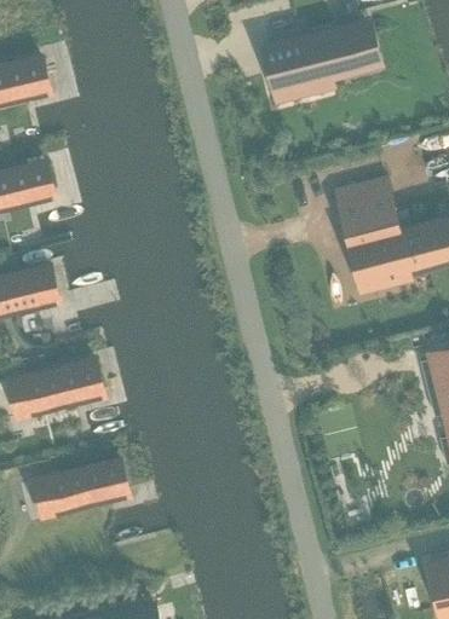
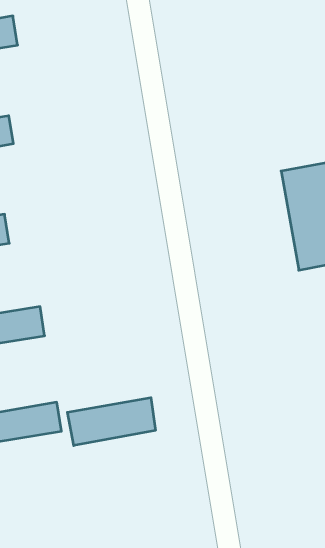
building: [261,31,367,109] -> none
building: none -> [67,398,155,446]

